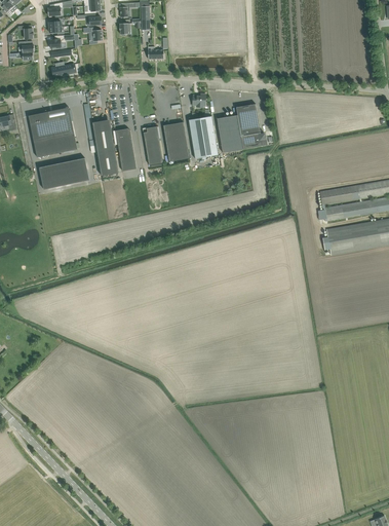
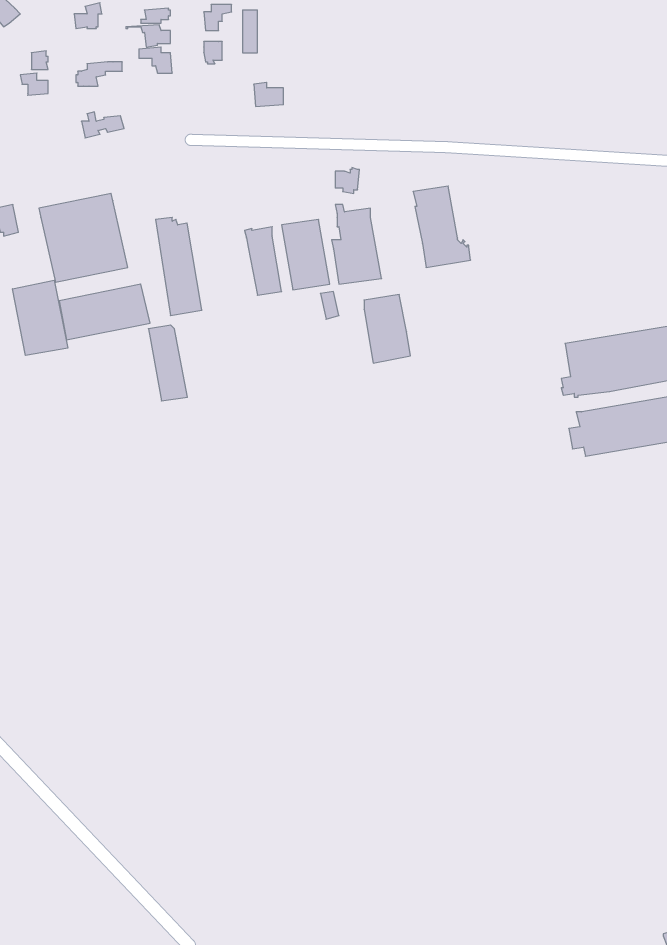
building: [217,115,242,153] -> [364,295,410,363]
building: [115,128,137,171] -> [148,325,187,401]
building: none -> [13,280,68,355]

